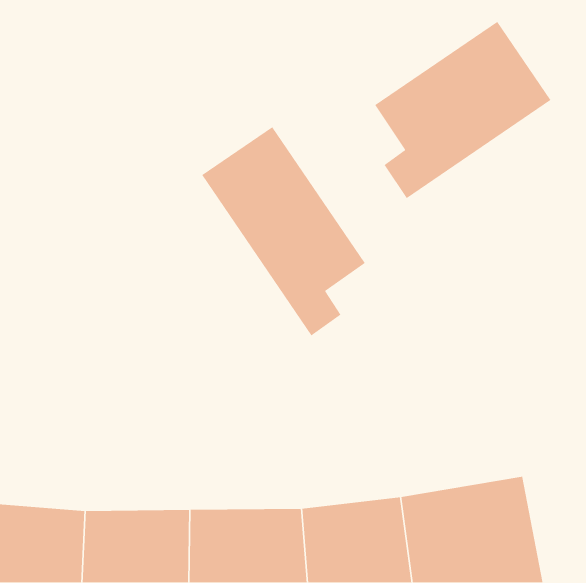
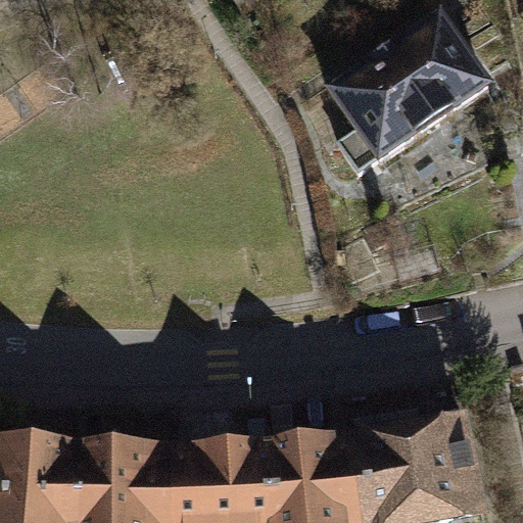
building: [201,126,366,336] -> none

